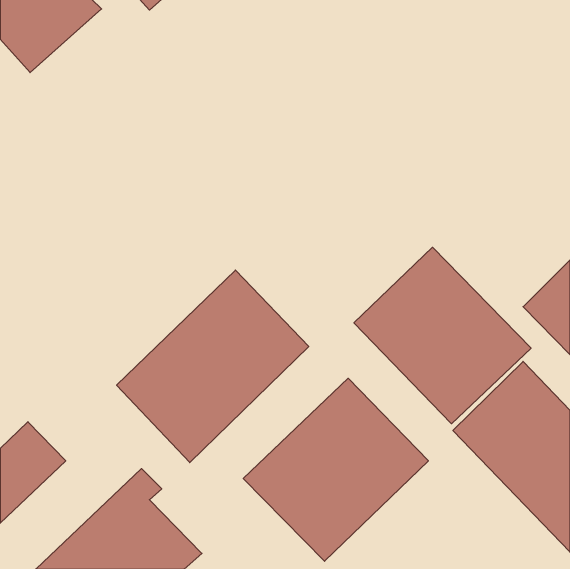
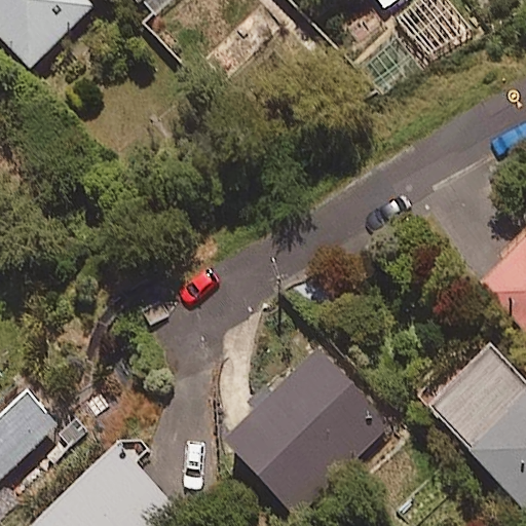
building: [354,247,531,424] -> none
building: [117,270,309,463] -> none

